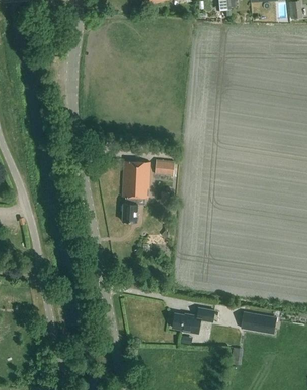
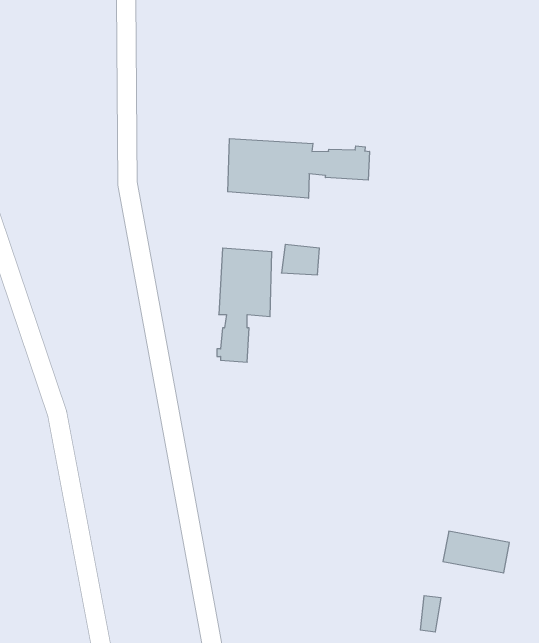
building: none -> [228,139,369,198]
building: [172,308,214,334] -> none

